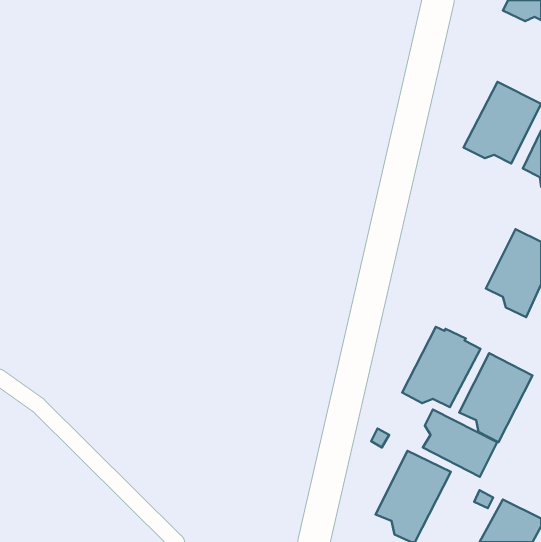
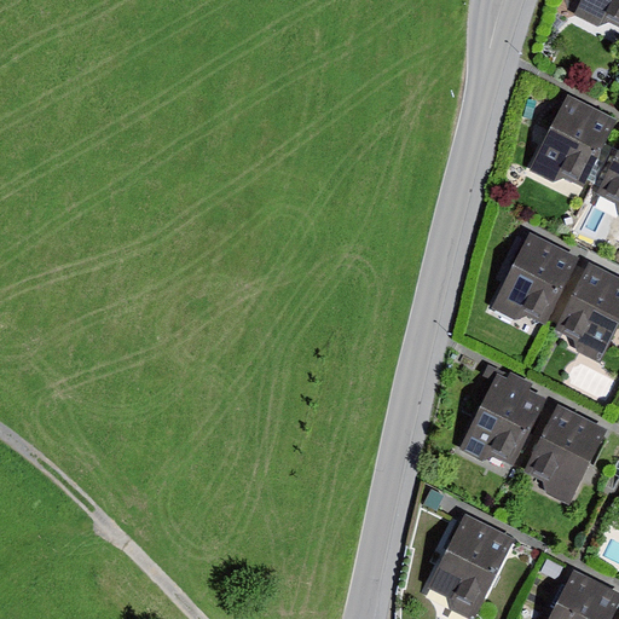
building: none -> [490,231,578,323]
building: [423,409,497,477] -> none

